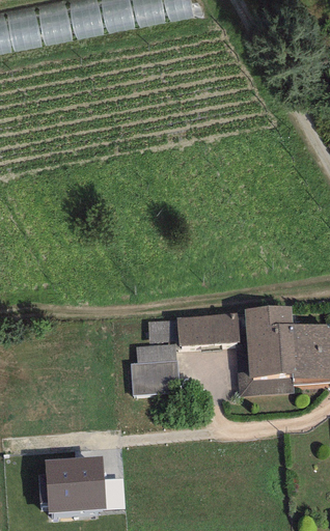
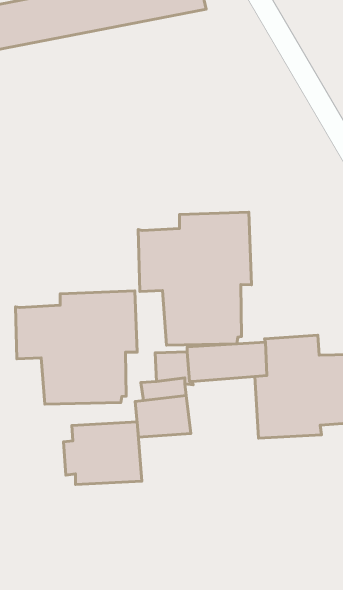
building: none -> [138,212,252,345]
building: none -> [16,291,137,404]
building: [37,455,106,510] -> [63,422,142,485]

